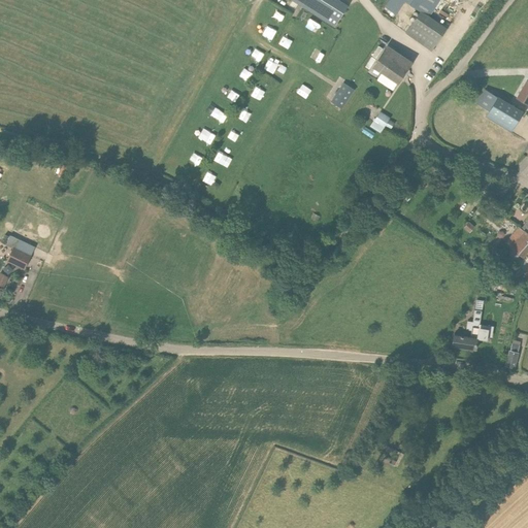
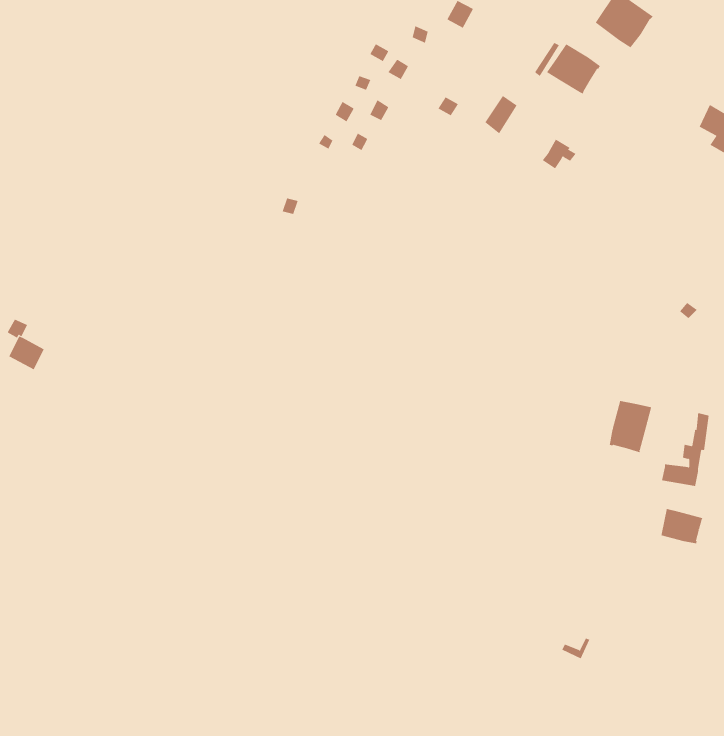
building: none -> [609,400,652,453]
building: none -> [661,508,703,544]

